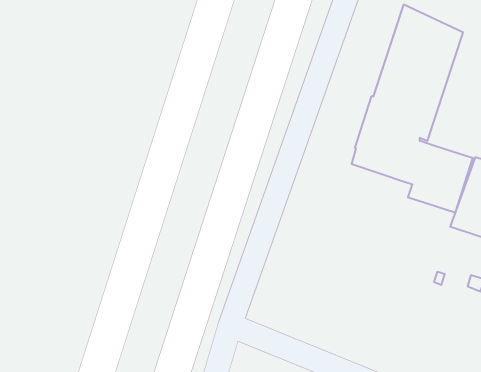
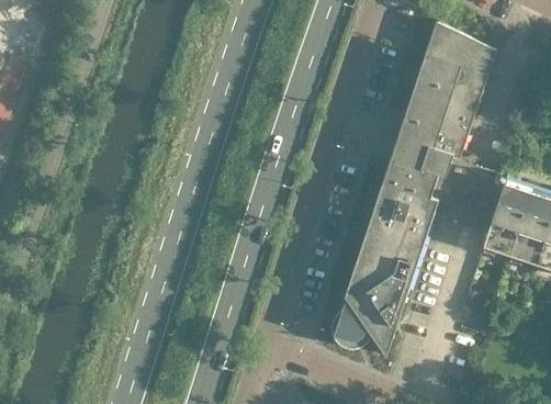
building: none -> [331,183,437,357]

